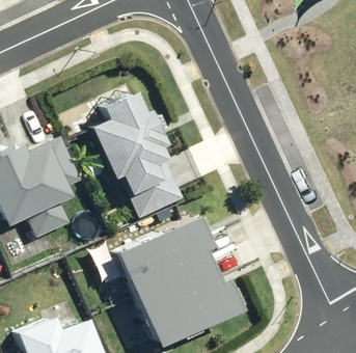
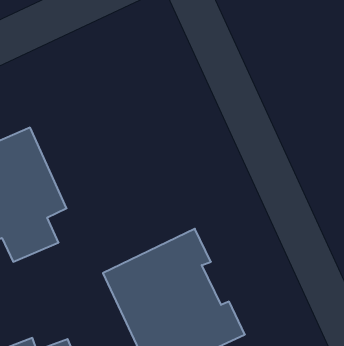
building: [88,91,177,222] -> none

